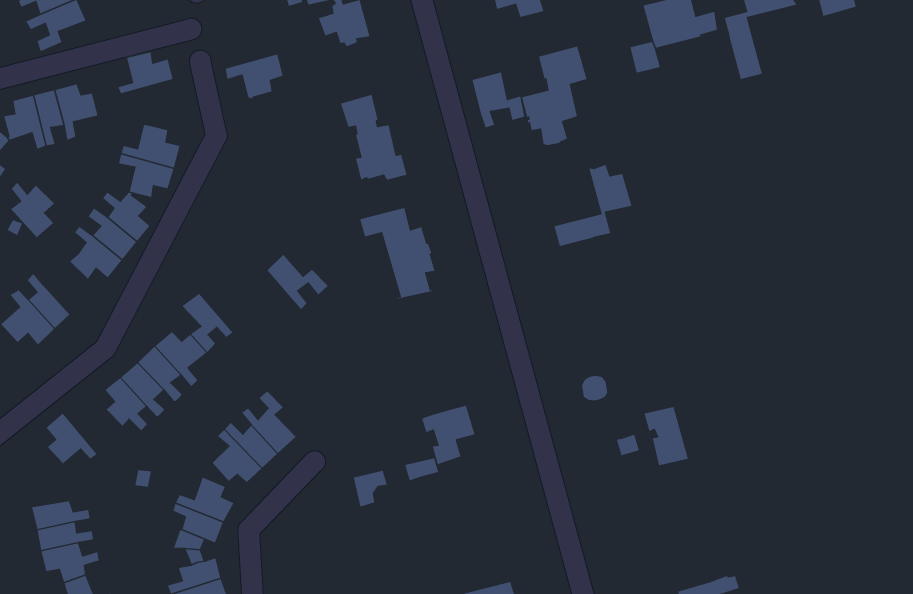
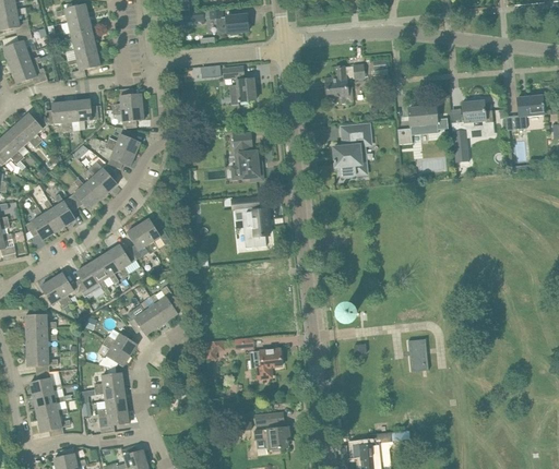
building: [225,53,284,99] -> [112,106,144,129]
building: [471,72,525,129] -> none
building: [553,164,633,247] -> none
building: [10,182,55,238] -> [52,193,78,226]
building: [267,254,329,310] -> [138,218,170,251]
building: none -> [51,273,83,305]
building: [421,405,476,465] -> [253,348,282,378]
building: [644,406,689,466] -> [407,339,428,371]
building: none -> [25,308,56,328]

